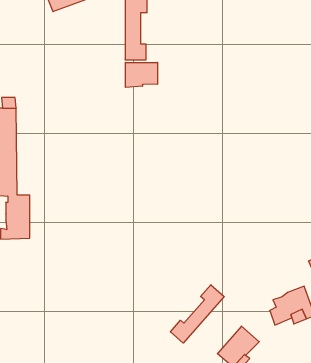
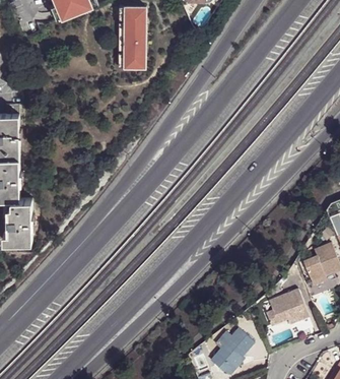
building: [125,62,158,87] -> none
building: [170,285,224,343] -> none

